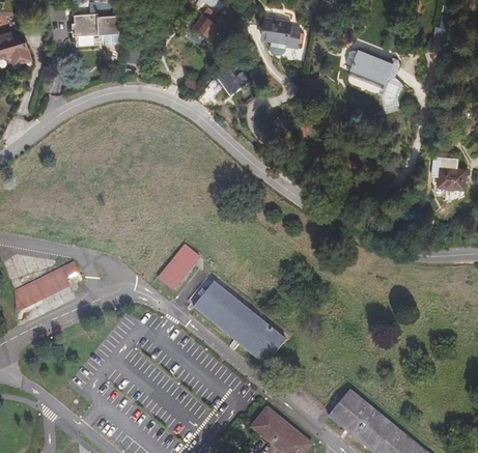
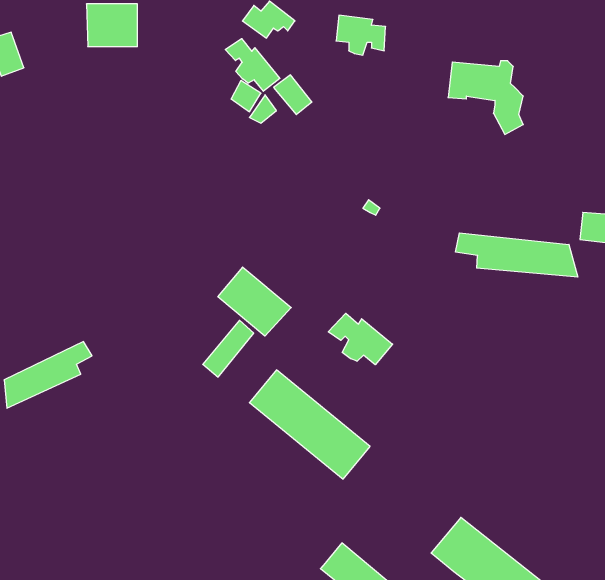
building: none -> [225,39,280,91]
building: none -> [456,233,578,277]
building: none -> [218,267,291,336]
building: none -> [328,313,393,365]

